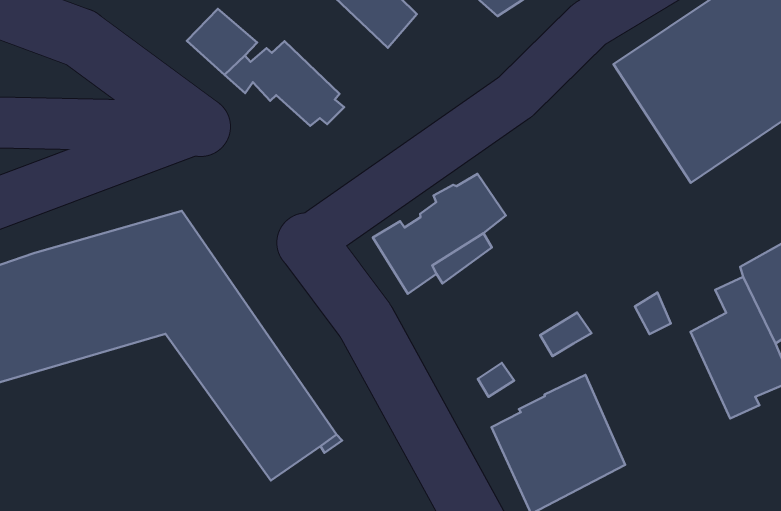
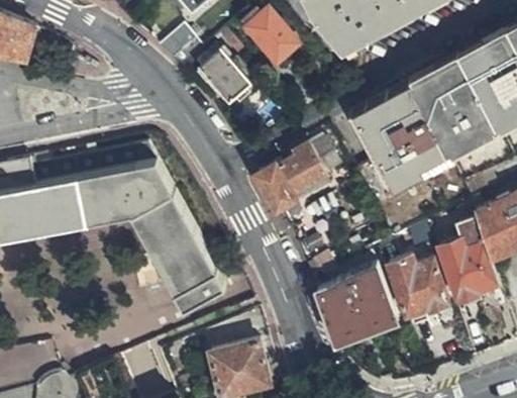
building: none -> [347,86,450,192]
building: none -> [388,258,447,317]

